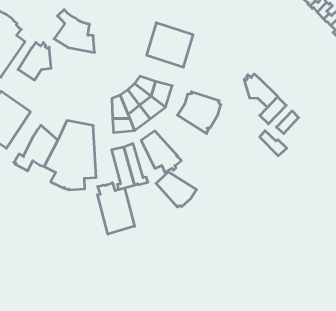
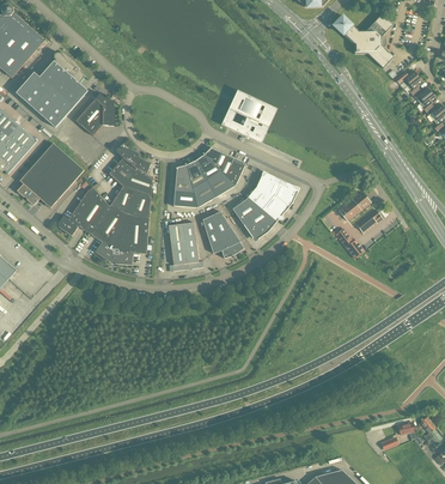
building: [54,10,95,52] -> [108,141,152,194]
building: [244,74,278,107] -> none
building: [156,171,197,207] -> [232,195,276,237]
building: [97,183,135,234] -> none

